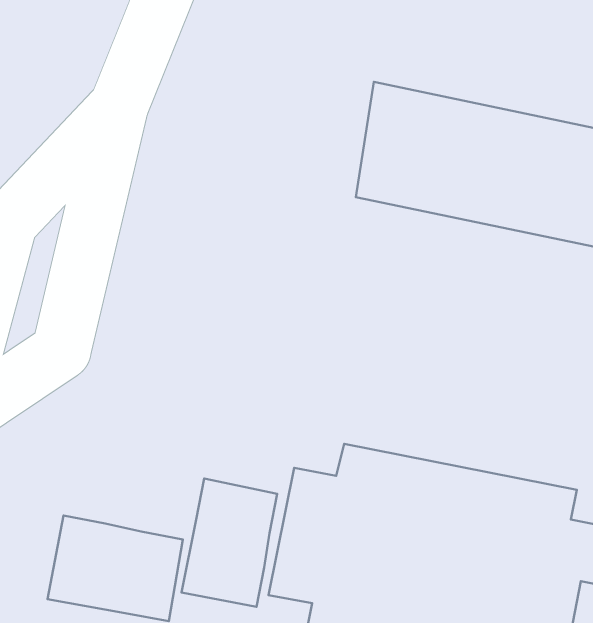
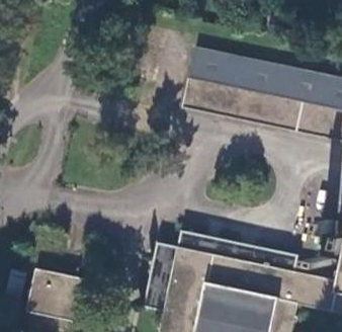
building: [181,479,277,607] -> none

